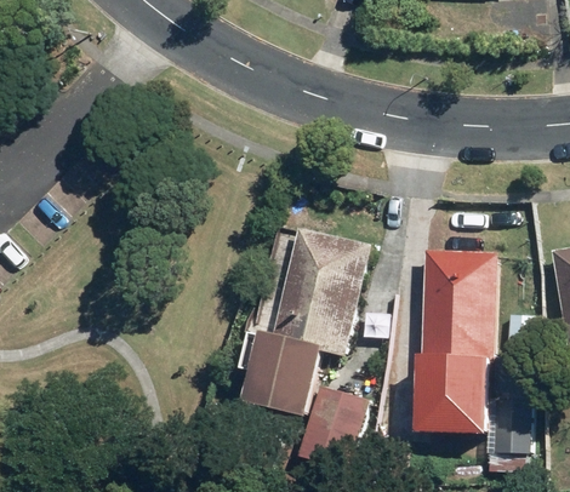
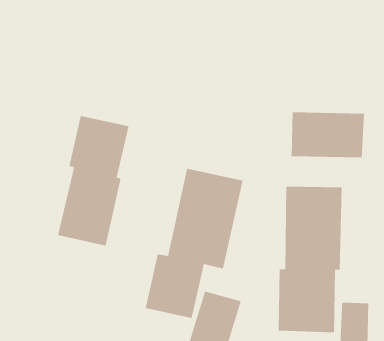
building: none -> [291,111,365,158]
building: none -> [57,115,129,247]

